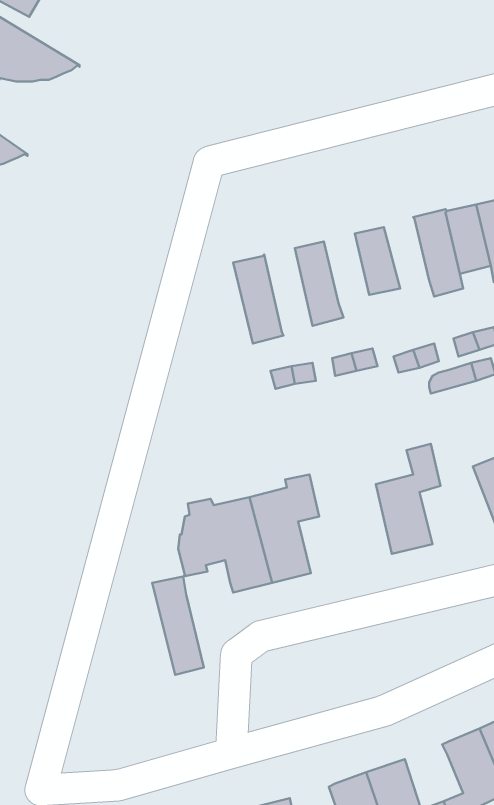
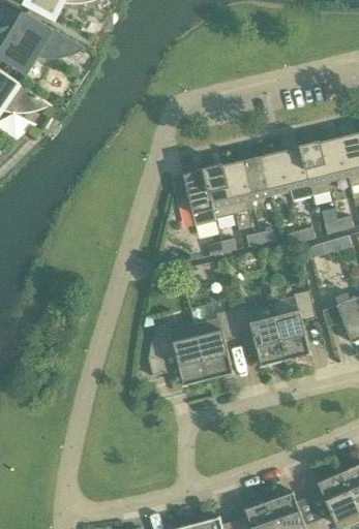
building: none -> [278,147,307,191]
building: none -> [240,156,269,200]
building: none -> [201,164,233,219]
building: none -> [231,305,283,366]
building: [152,576,204,675] -> none

